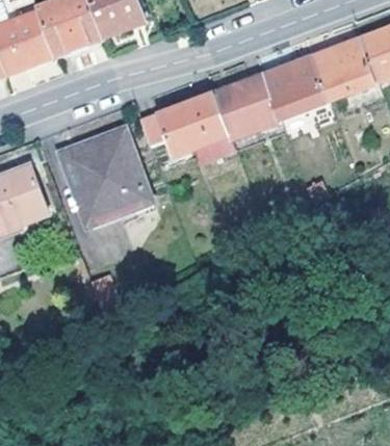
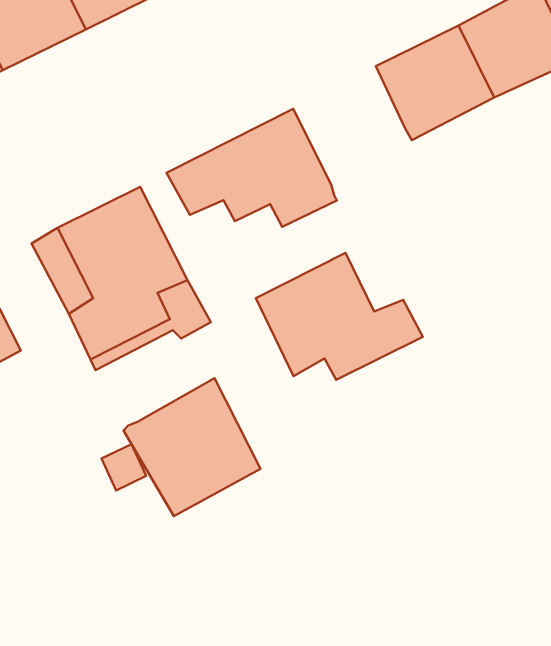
building: [215,74,281,137] -> none
building: none -> [256,253,423,380]
building: none -> [124,378,260,516]

